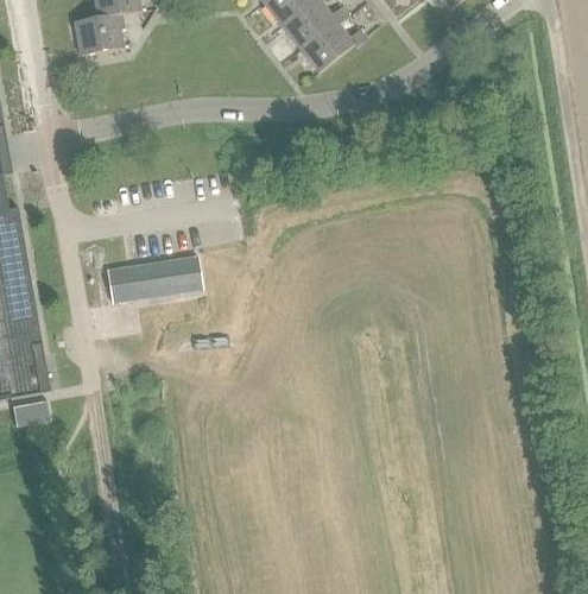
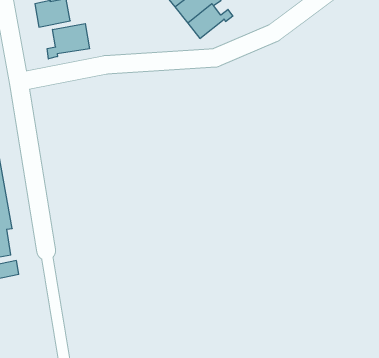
building: none -> [47,24,89,59]
building: [103,254,200,303] -> none

